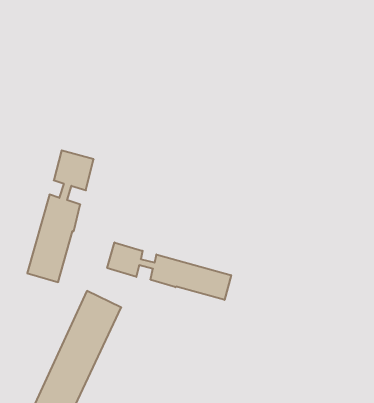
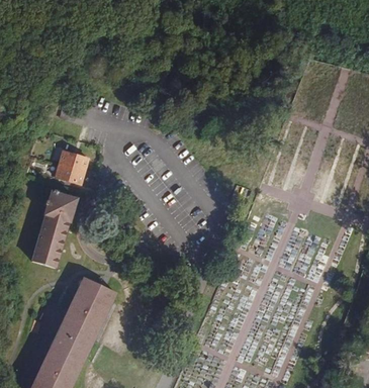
building: [107,242,231,300] -> none

